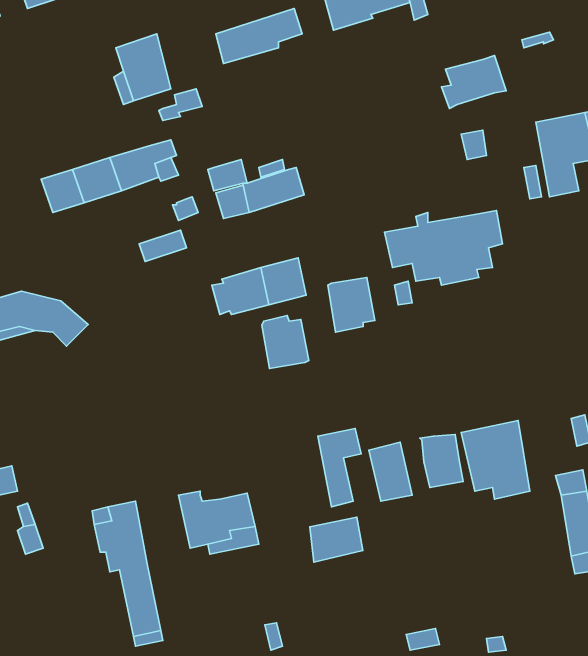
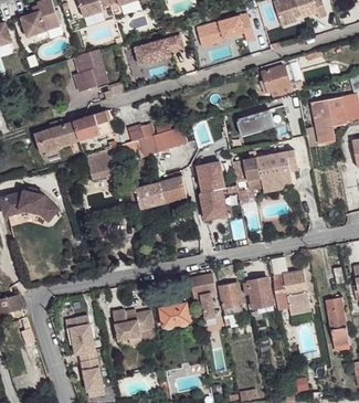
building: none -> [234,109,271,135]
building: [262,315,309,368] -> [194,162,221,192]
building: [310,517,363,562] -> [161,301,191,327]

